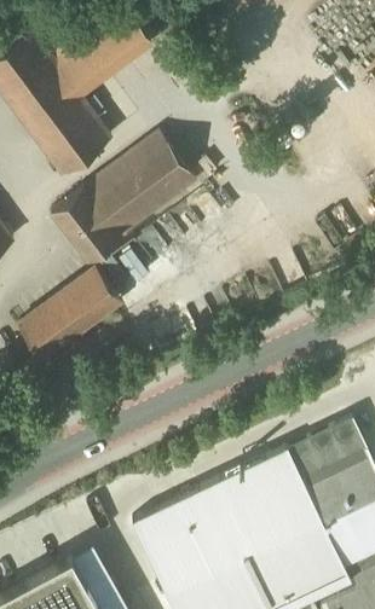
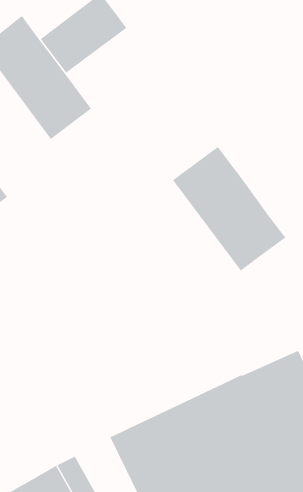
building: [52,134,197,262] -> none
building: none -> [172,146,286,272]
building: [18,269,122,362] -> none

